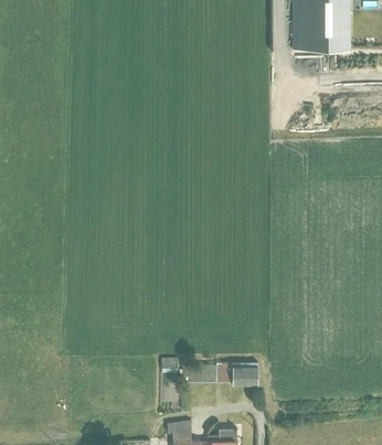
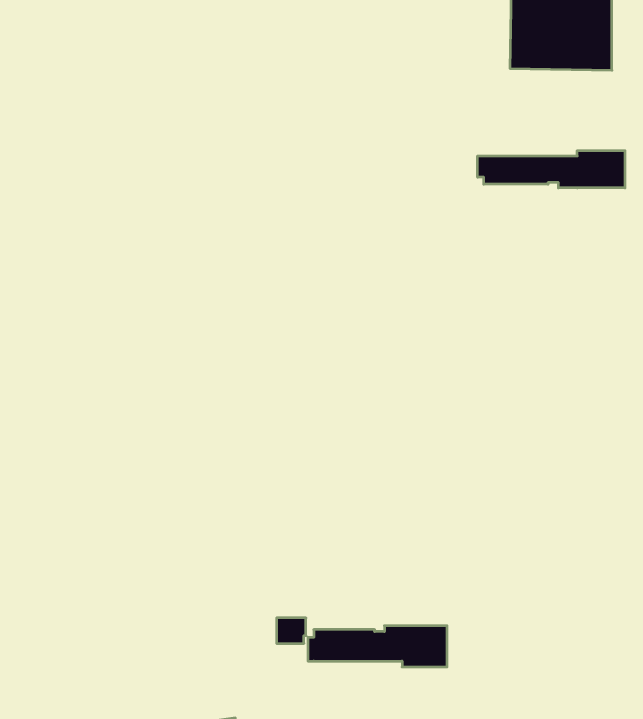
building: none -> [478,151,625,188]

